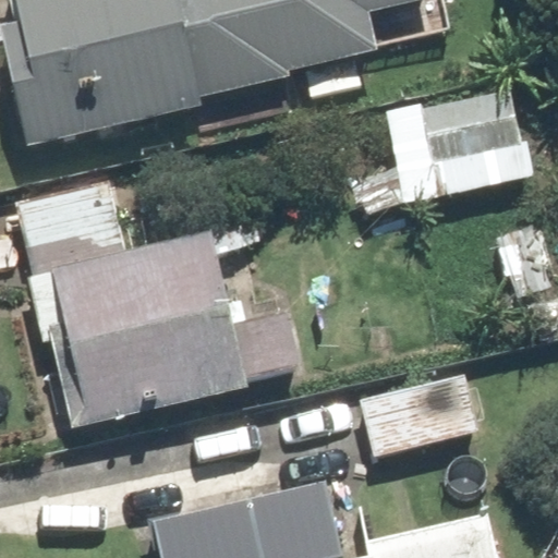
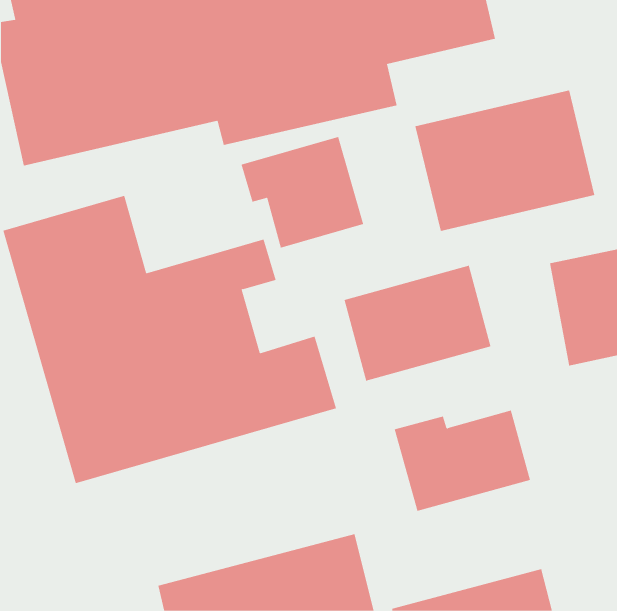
building: none -> [241,136,364,248]
building: none -> [344,265,491,381]

